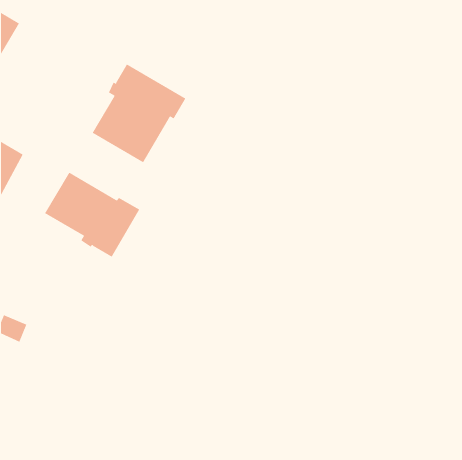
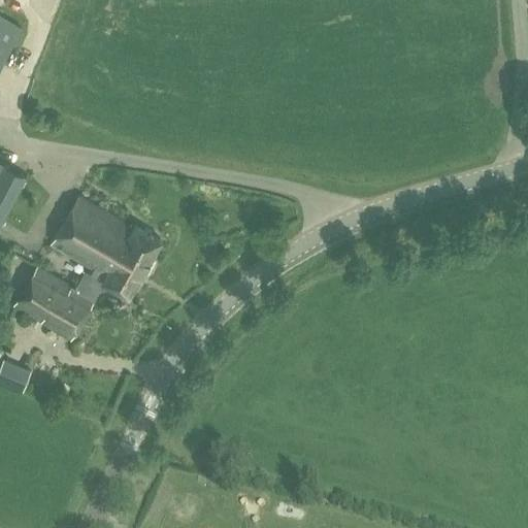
building: [92,64,186,163] -> none
building: none -> [13,267,104,340]

